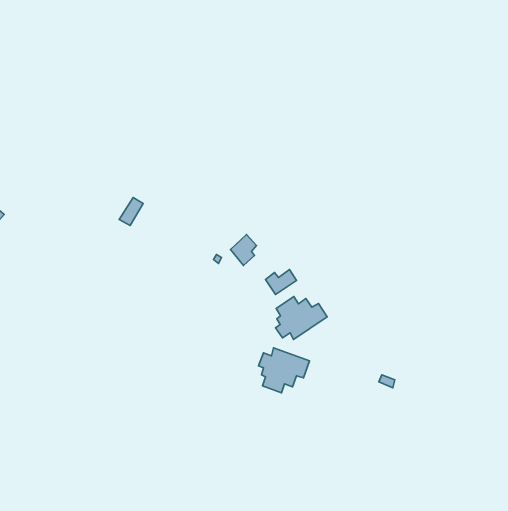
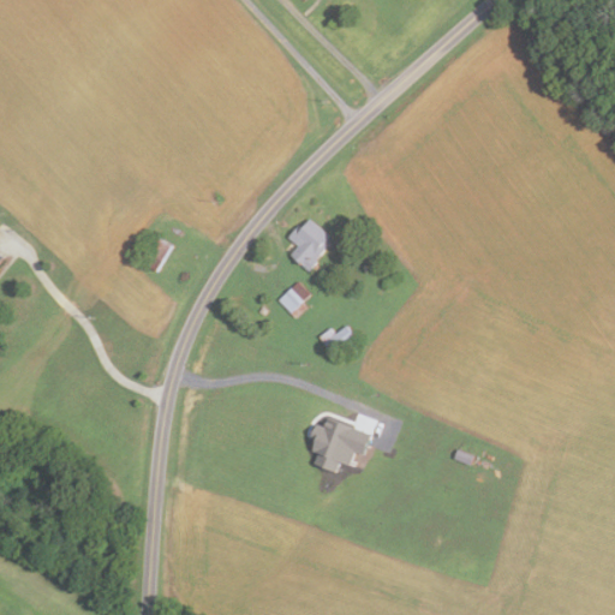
building: none -> [287,219,332,271]
building: [275,297,327,339] -> none

